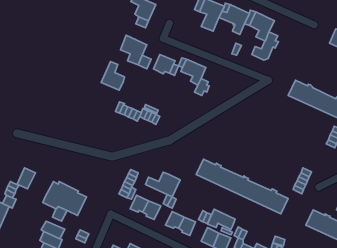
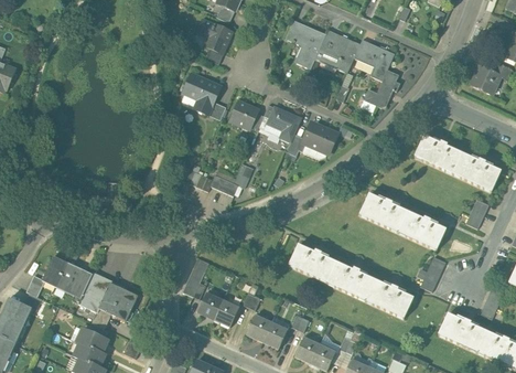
building: [101,61,125,90] -> none
building: none -> [302,121,337,152]
building: none -> [359,193,445,249]
building: [146,172,180,197] -> none
building: none -> [57,262,93,295]
building: [208,209,235,230] -> none

